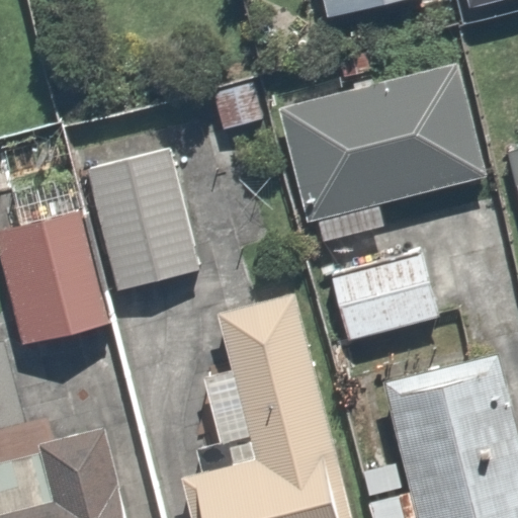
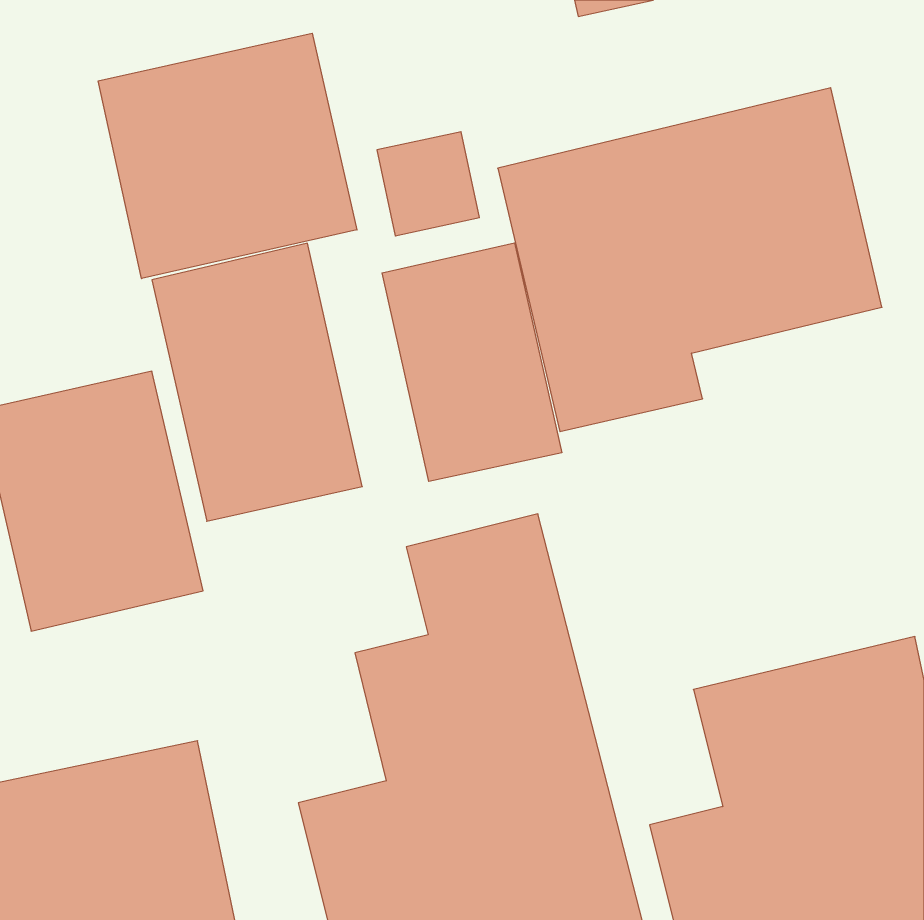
building: none -> [98,33,357,279]
building: none -> [382,243,562,481]
building: [325,249,452,349] -> none

